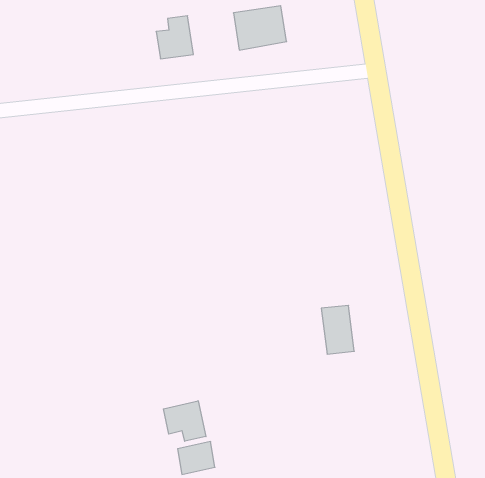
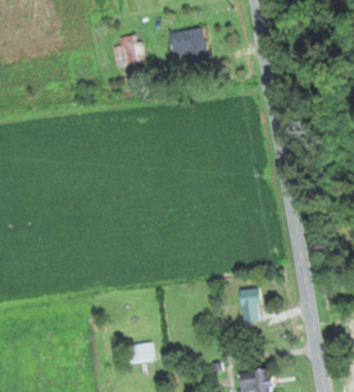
building: [321,305,354,354] -> [241,287,264,322]
building: [163,401,206,441] -> none

